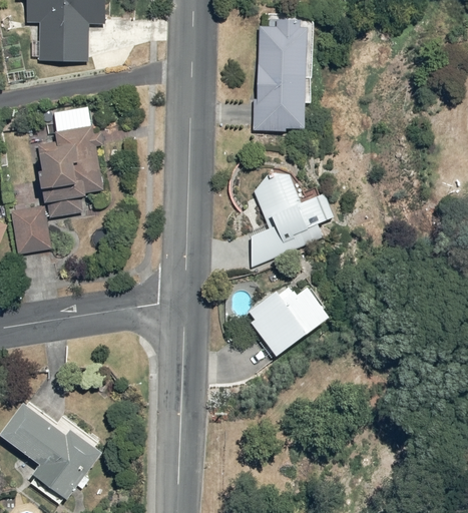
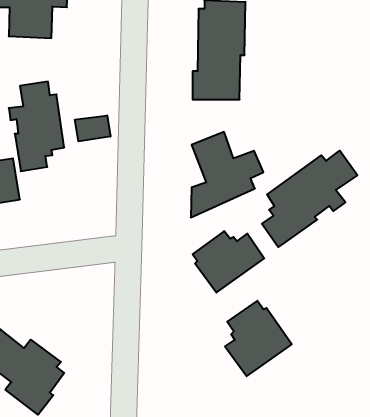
building: none -> [75,115,110,141]
building: none -> [262,151,357,247]
building: none -> [225,301,292,376]

